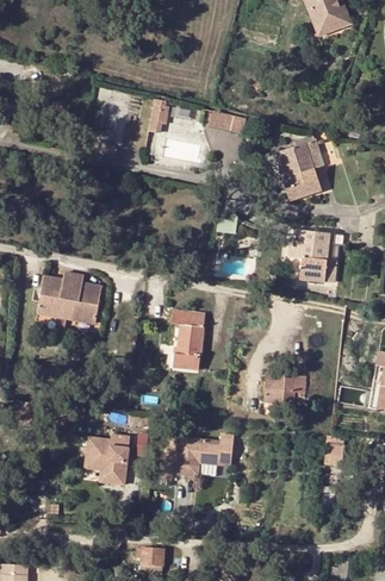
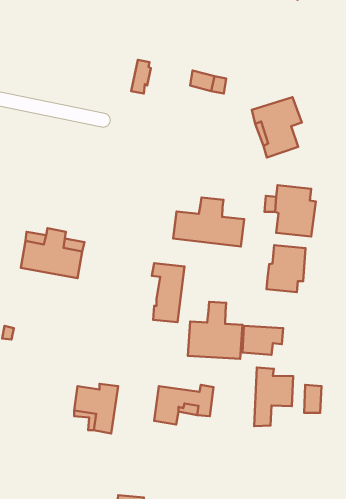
building: none -> [173,197,244,246]
building: none -> [266,245,305,292]
building: none -> [188,302,242,359]
building: none -> [254,368,293,426]

